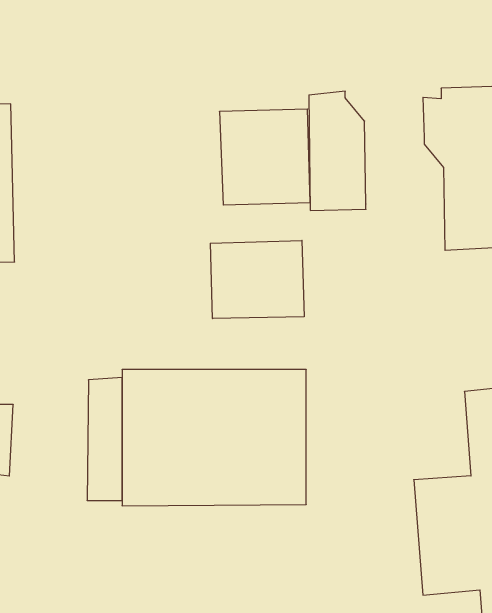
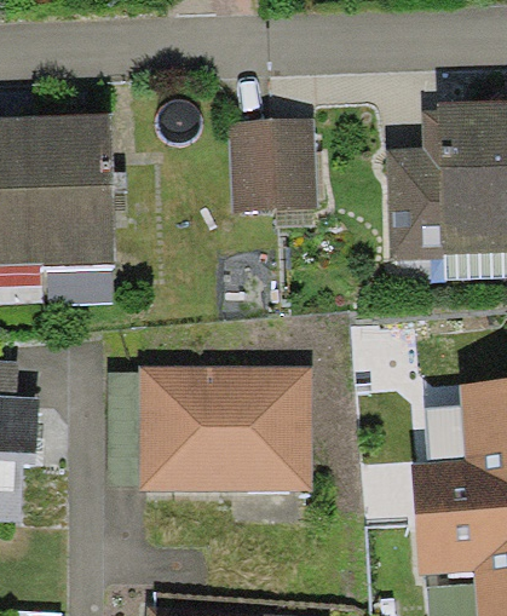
building: [309,91,366,210] -> [388,150,442,261]
building: none -> [36,116,116,266]
building: [210,240,304,319] -> none

